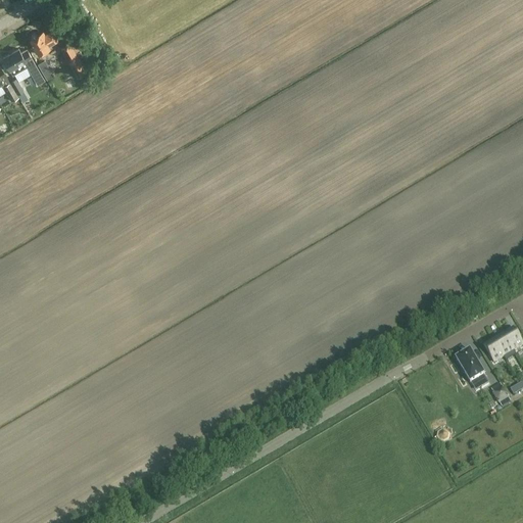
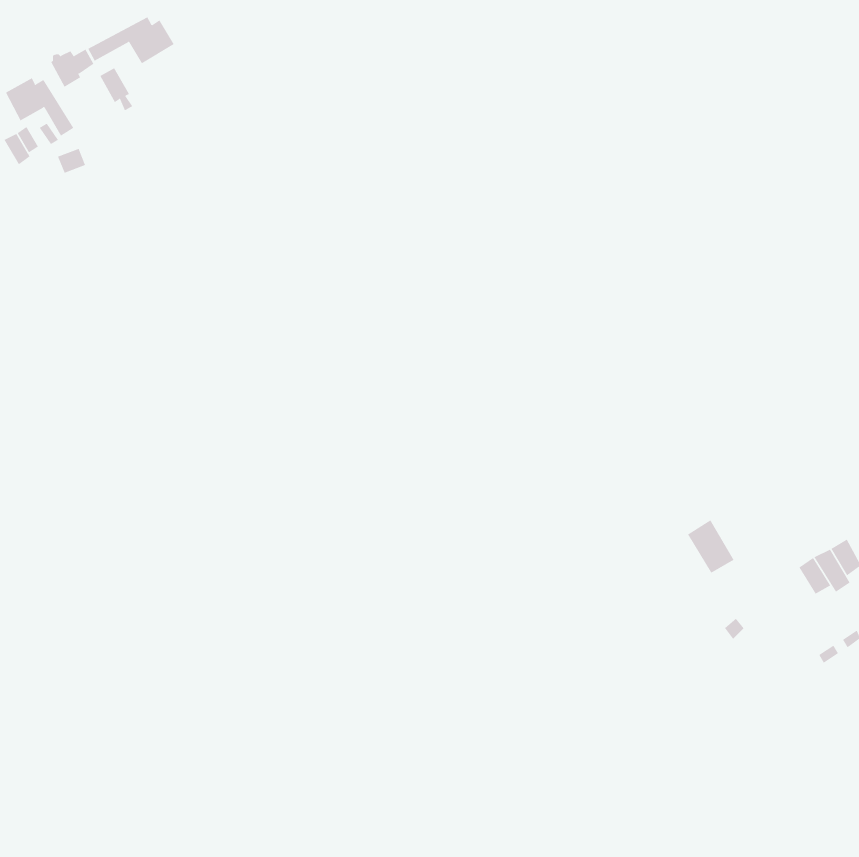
building: none -> [87,16,175,64]
building: [458,349,486,382] -> [687,519,734,573]

